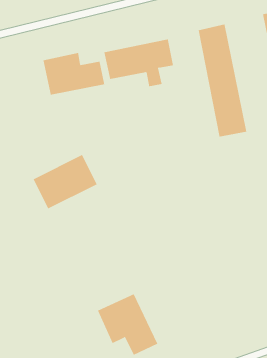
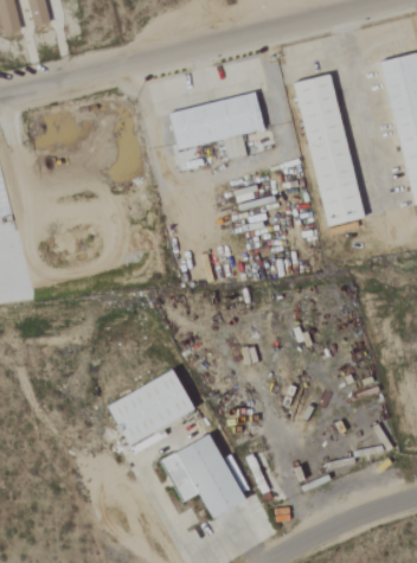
building: [43,52,105,96] -> none
building: [33,154,97,209] -> [105,371,192,444]

